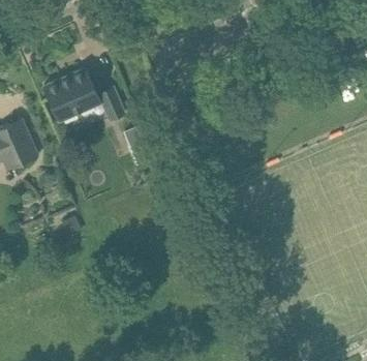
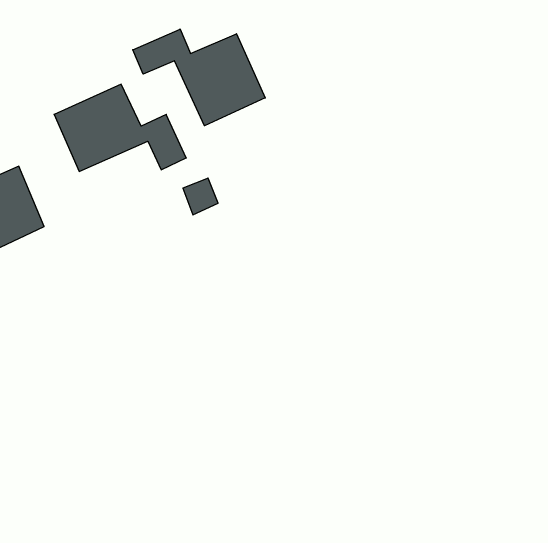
building: none -> [133,29,265,126]

